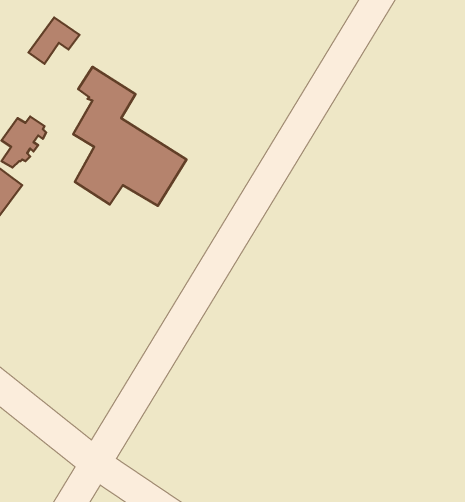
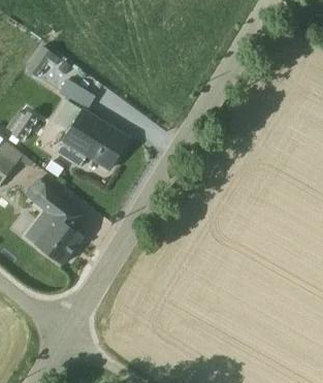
building: none -> [25,178,85,263]

